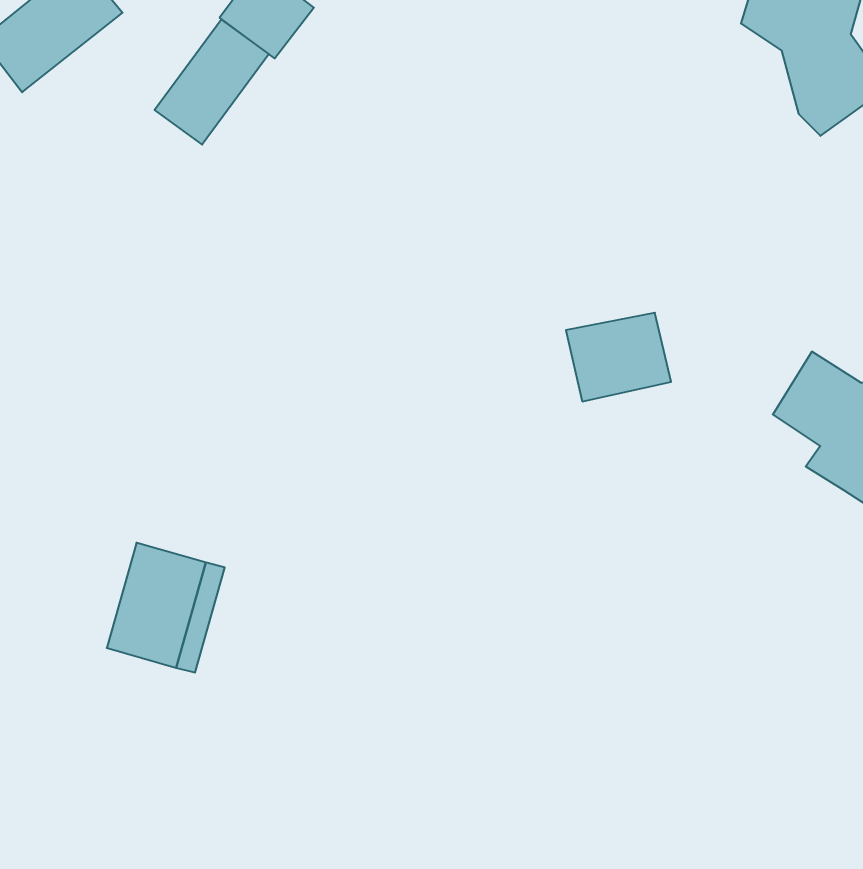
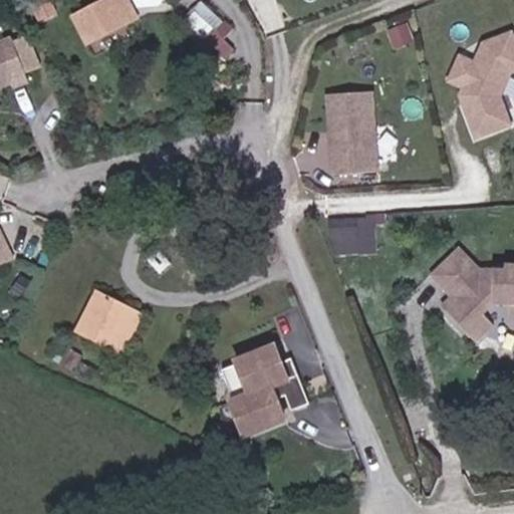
building: [155,19,269,145] -> none
building: none -> [326,91,377,175]
building: none -> [228,341,291,440]

